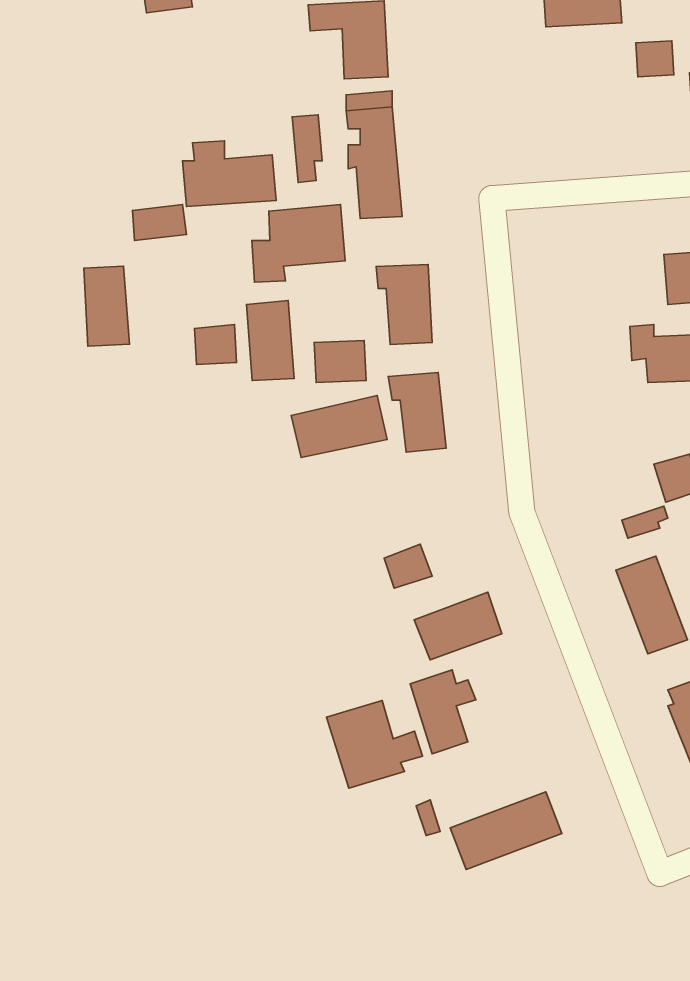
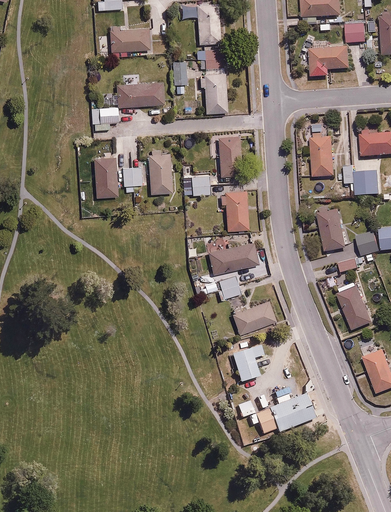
building: none -> [109,27,148,50]
building: none -> [306,41,347,70]
building: [252,205,345,282] -> none
building: none -> [308,134,331,176]
building: [84,266,130,346] -> [96,157,119,197]
building: [291,395,387,457] -> [210,242,258,273]
building: none -> [315,206,346,251]
building: [326,700,423,788] -> none

